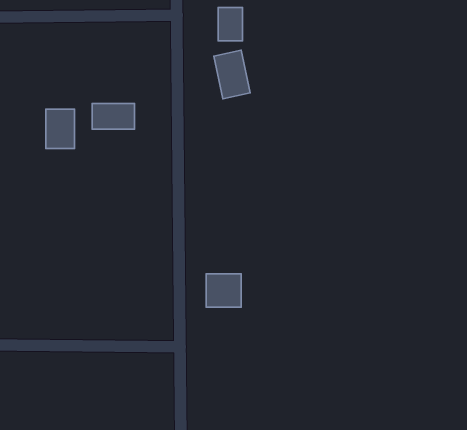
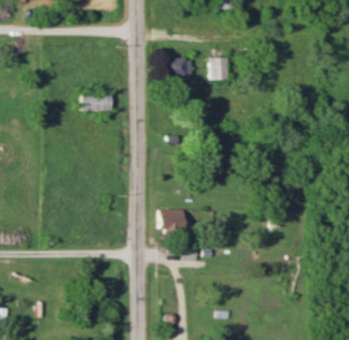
building: [218,7,242,41] -> [210,58,227,81]
building: [46,109,75,148] -> none

